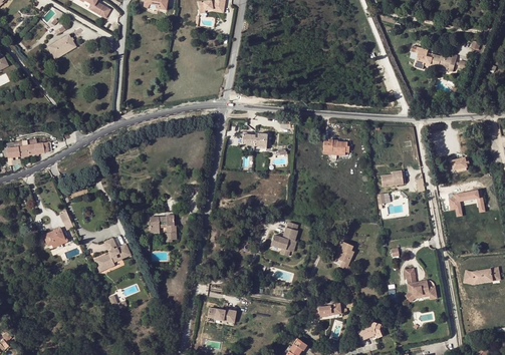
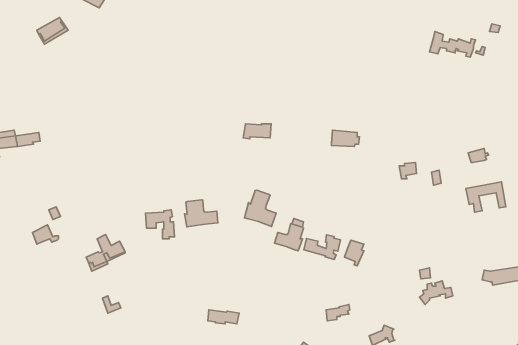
building: none -> [244,190,276,226]
building: none -> [185,200,218,227]
building: none -> [304,235,340,260]

